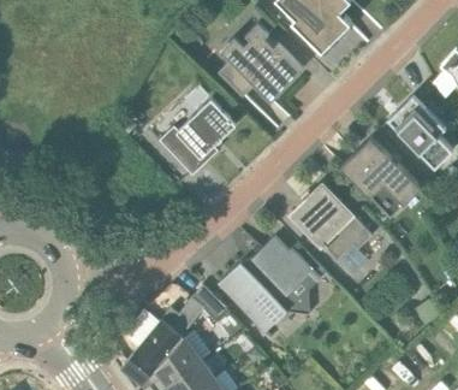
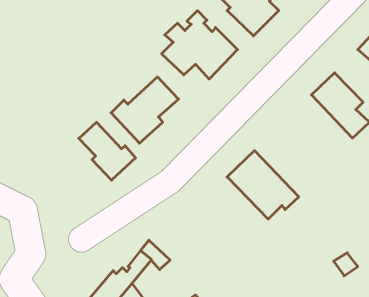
building: [341,137,422,218] -> none
building: none -> [79,122,136,180]
building: [219,236,321,332] -> none

